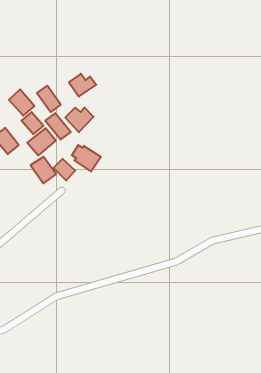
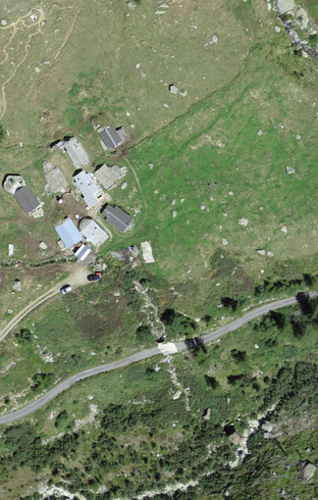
building: [9,89,34,116] -> none
building: [27,128,56,155] -> none

